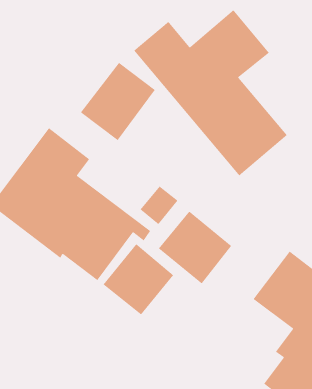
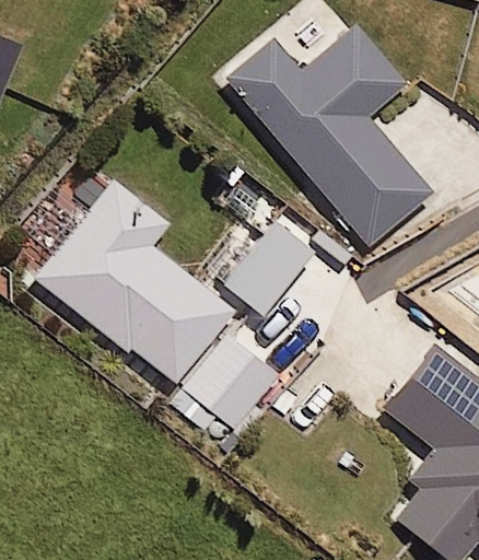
building: [80,62,156,141] -> none
building: [158,211,232,284] -> none

